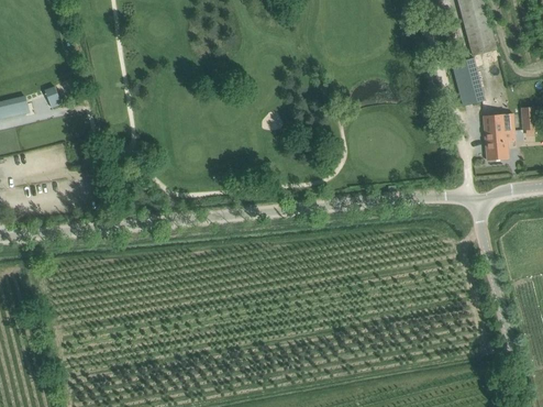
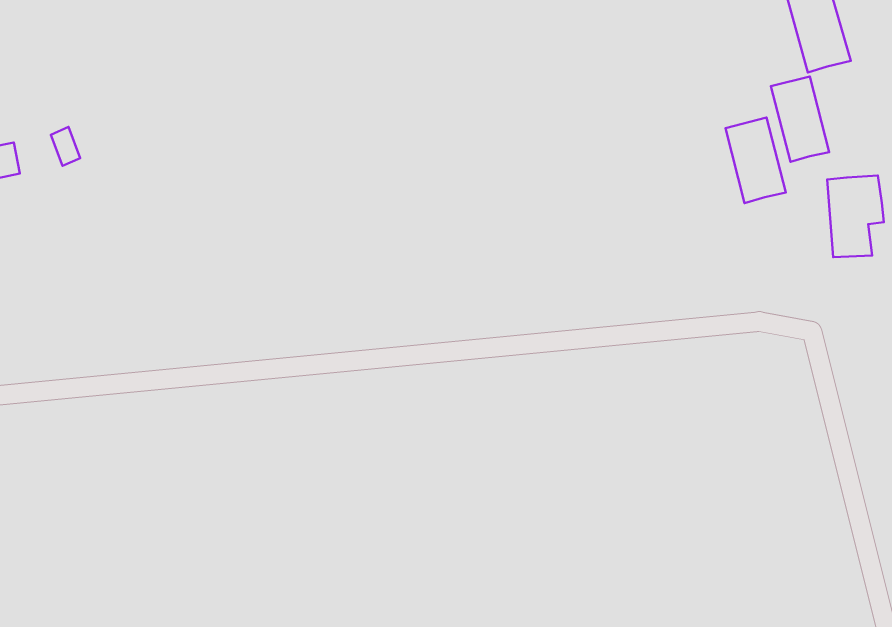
building: none -> [725,117,786,203]

